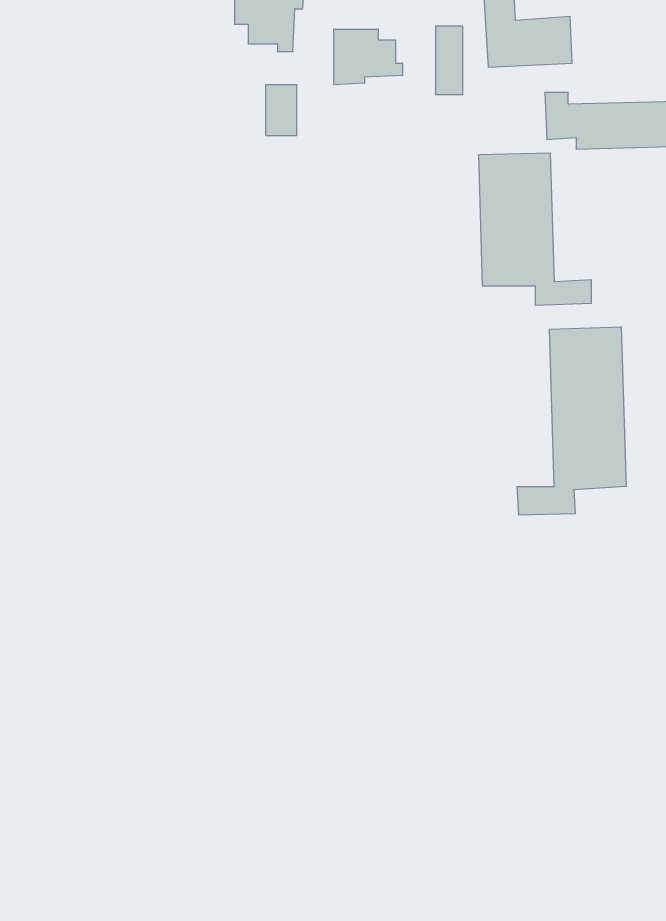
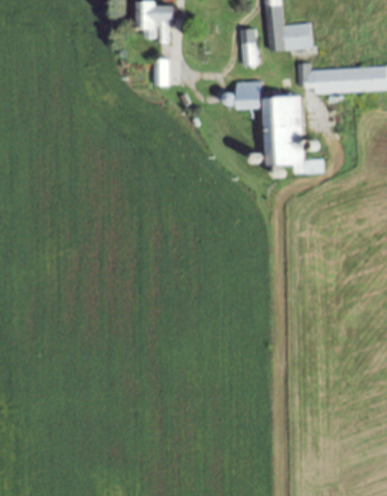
building: [334,29,402,85] -> none
building: none -> [236,82,261,109]
building: [517,327,626,515] -> none

